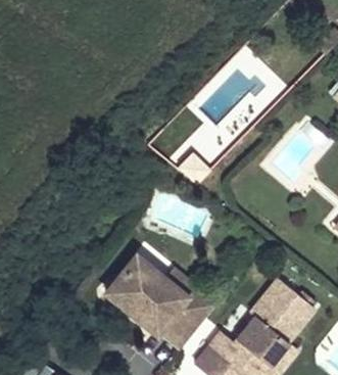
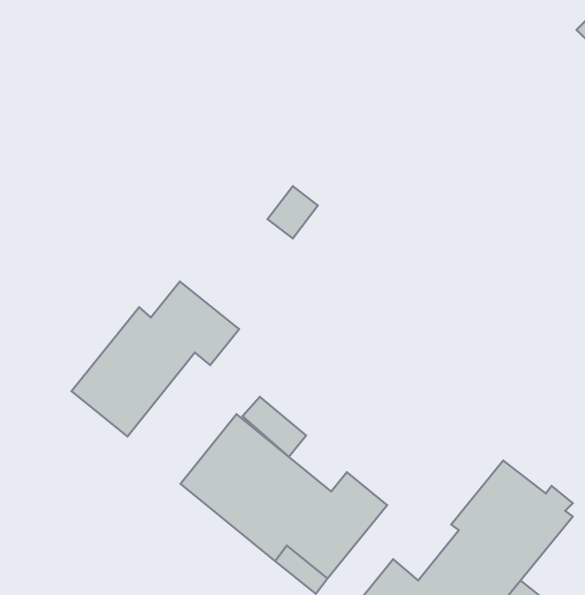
building: none -> [72,282,239,437]

